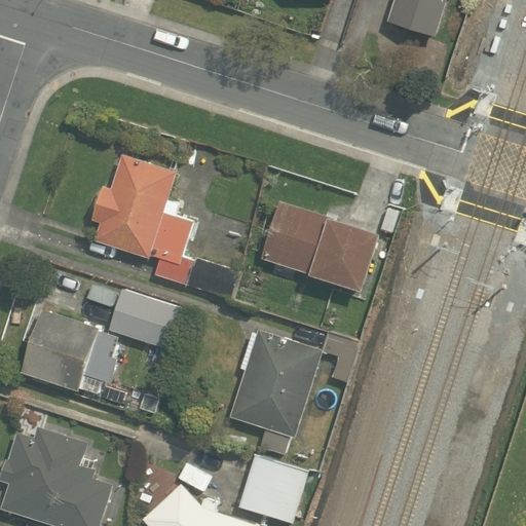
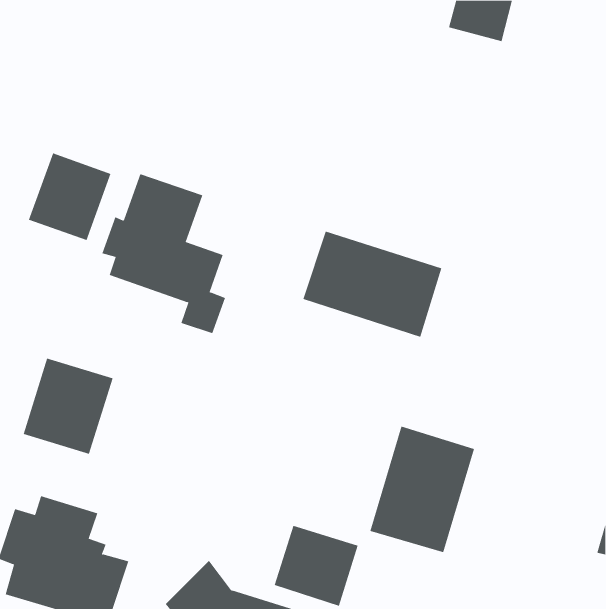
building: none -> [28,153,111,241]
building: [104,286,181,348] -> none
building: [231,330,322,439] -> [370,426,475,553]

